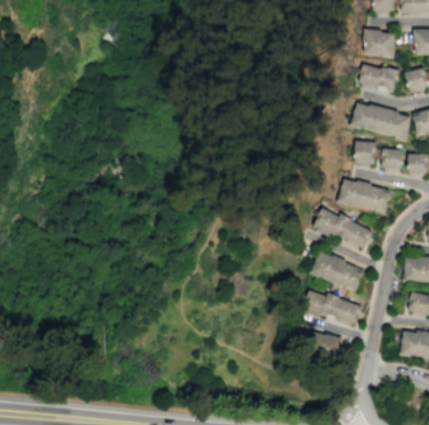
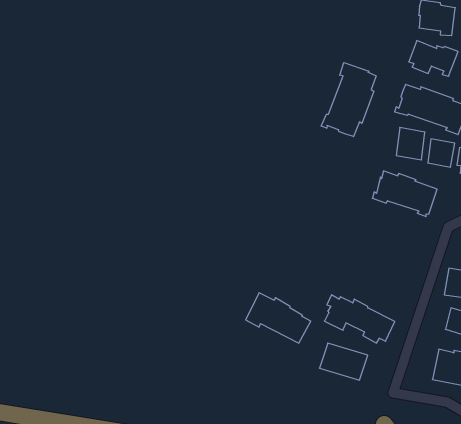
building: none -> [321,63,376,137]
building: [310,207,372,249] -> none
building: [309,251,365,292] -> [246,293,311,343]

